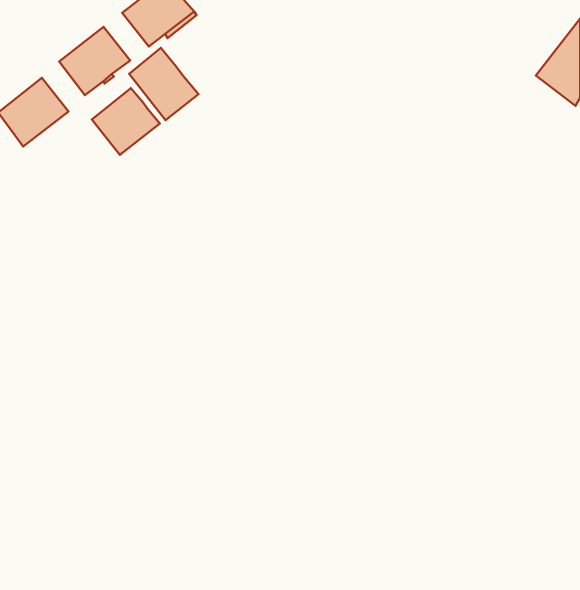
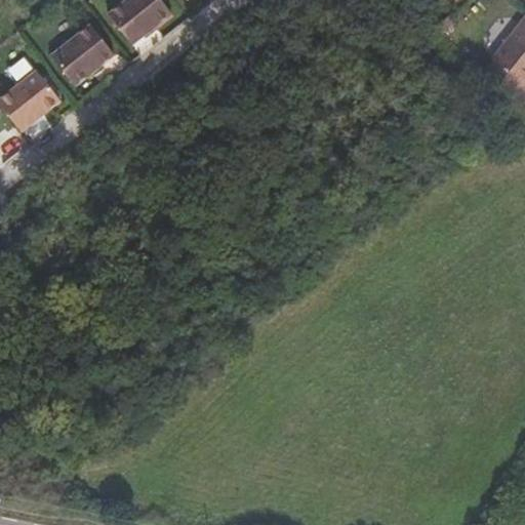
building: [129,48,198,120] -> none
building: [92,88,160,155] -> none

